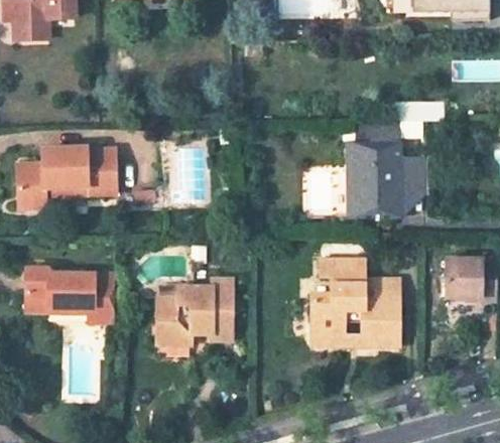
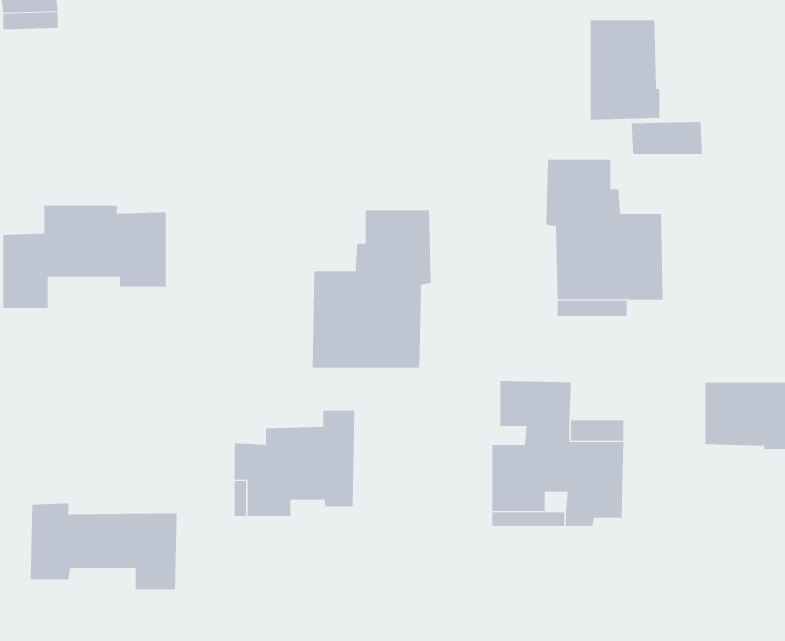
building: none -> [590,19,660,121]
building: none -> [312,210,431,369]
building: [20,267,111,320] -> [30,503,177,590]

